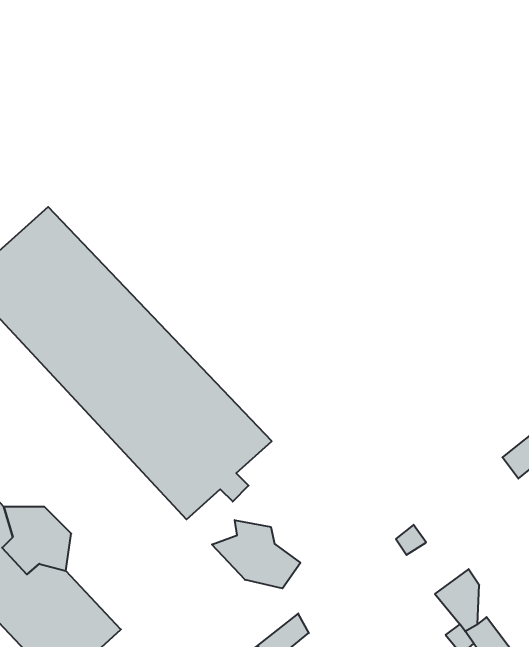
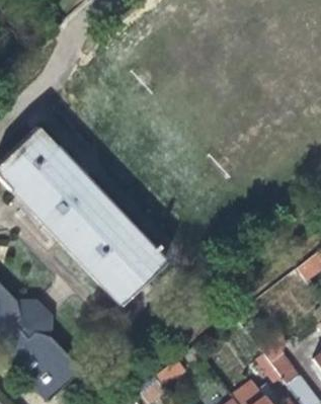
building: [212,520,300,588] -> none

